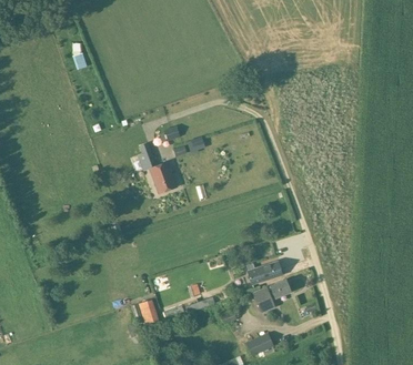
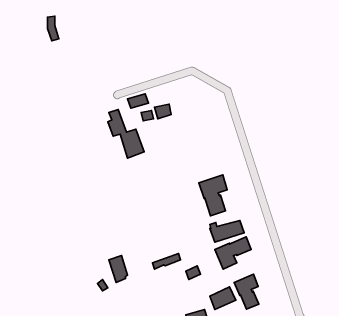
building: none -> [199,175,227,216]
building: none -> [234,274,259,309]

